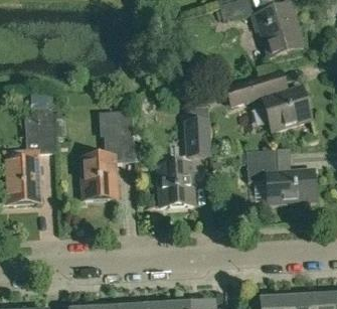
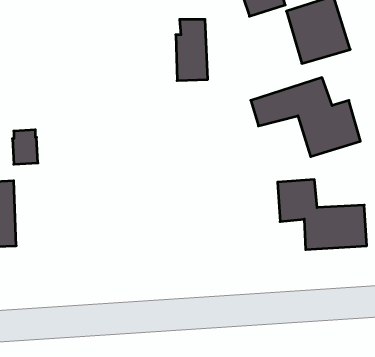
building: [187,109,212,157] -> [176,19,208,81]
building: [80,111,133,197] -> none
building: [158,163,194,205] -> none

